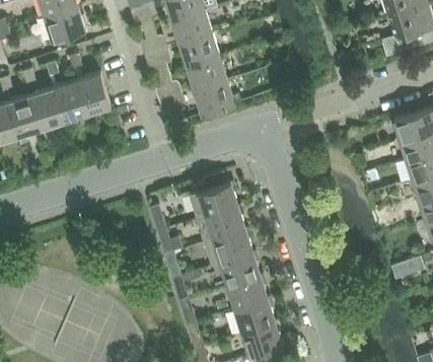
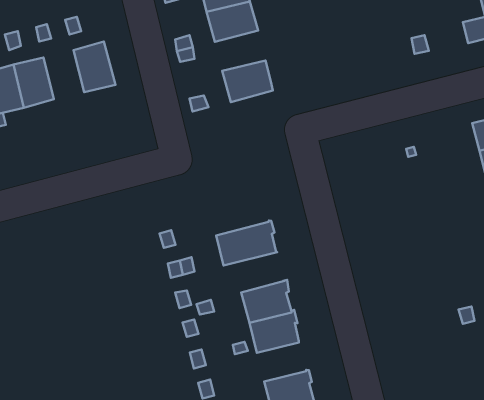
building: [187,57,227,90] -> none
building: [53,81,86,121] -> none
building: [189,182,237,220] -> none
building: [204,229,252,267] -> none
building: [234,298,274,333] -> none

